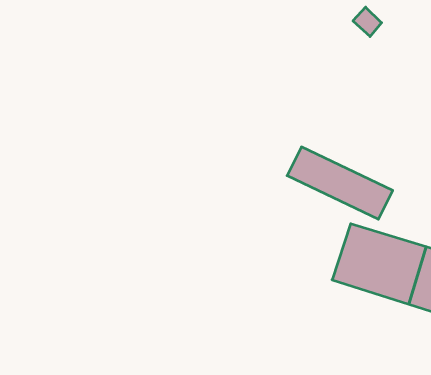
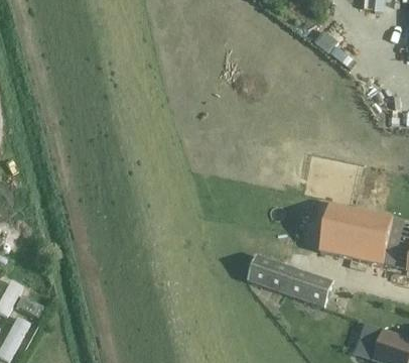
building: [287,147,393,219] -> [247,253,332,305]

